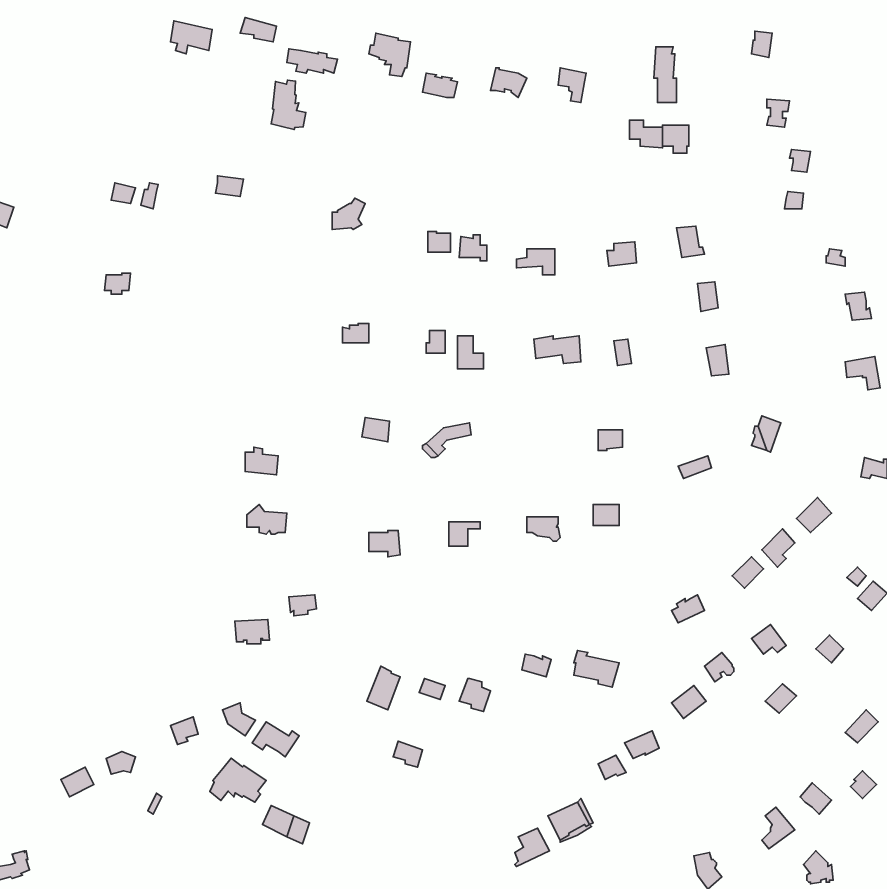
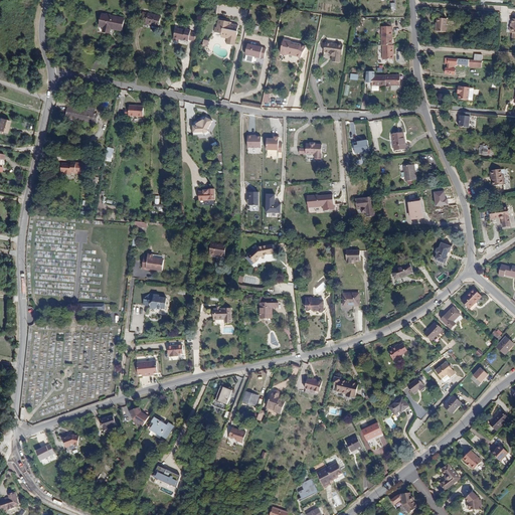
building: [271,80,306,130] -> none
building: [210,758,266,802] -> none

